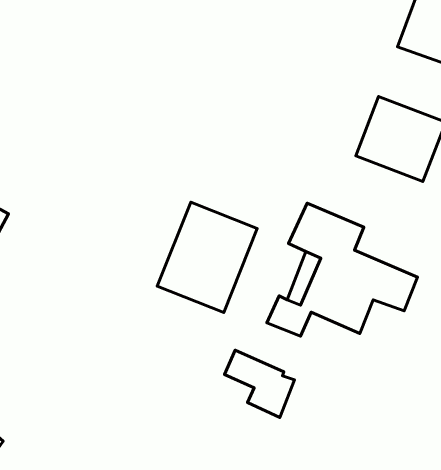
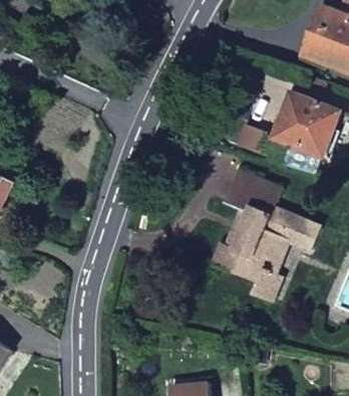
building: [157,202,257,312] -> none
building: [225,350,294,417] -> [233,252,285,303]

